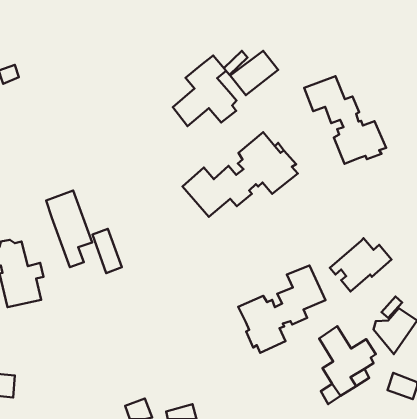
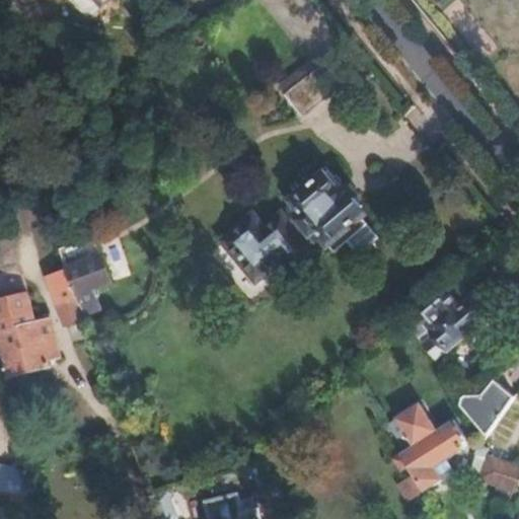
building: [173,55,236,126] -> none
building: [304,76,386,164] -> none
building: [92,229,122,273] -> [45,269,81,323]
building: [238,265,325,353] -> none

